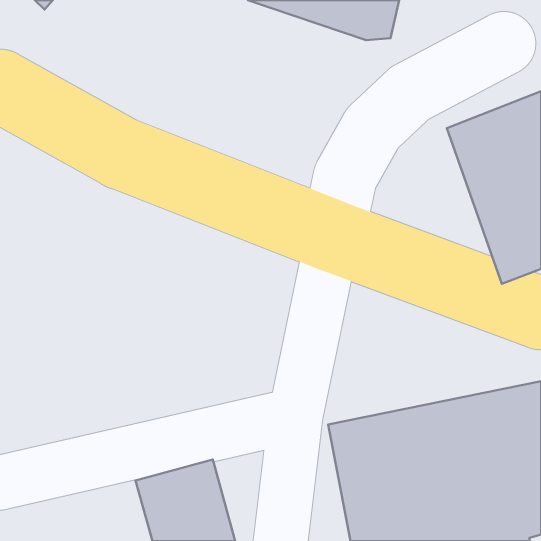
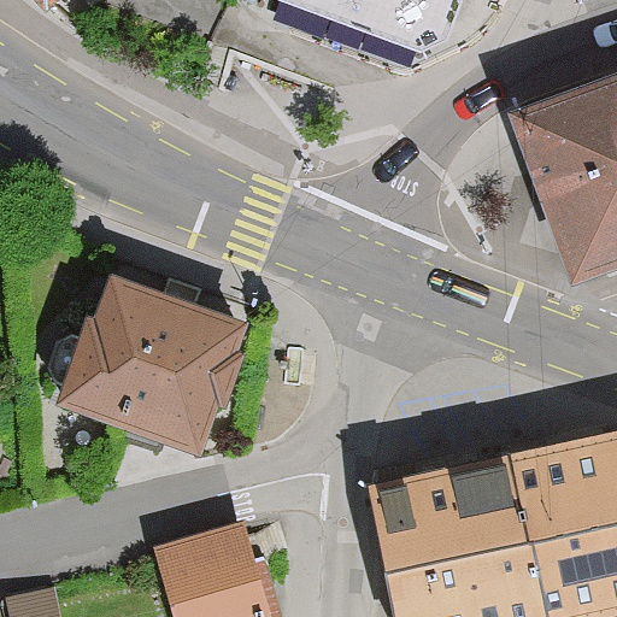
building: none -> [57,275,249,453]

